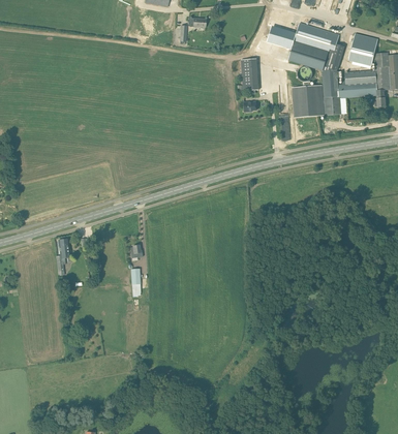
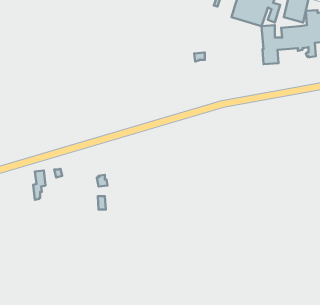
building: [241,58,259,90] -> none
building: [292,85,325,117] -> none

